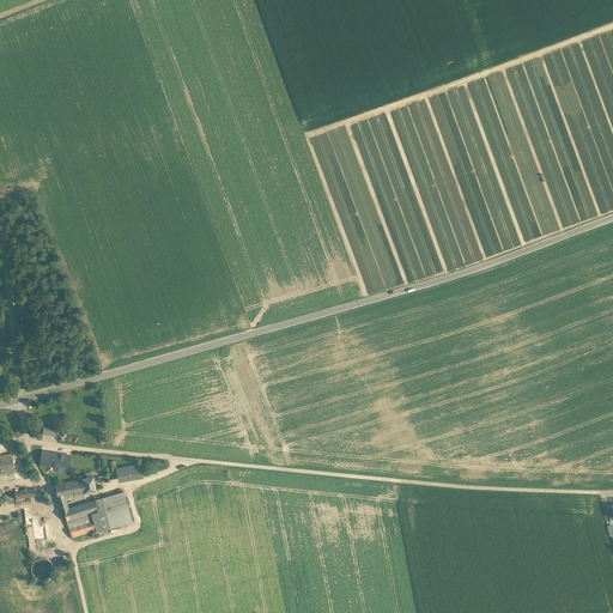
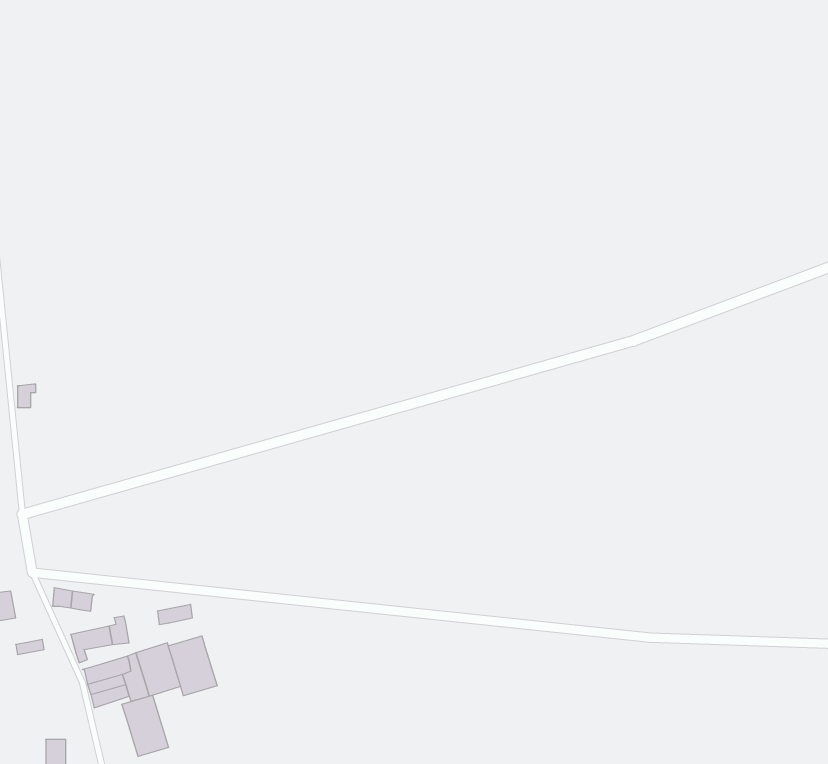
building: none -> [168,636,217,696]
building: none -> [122,695,169,757]

